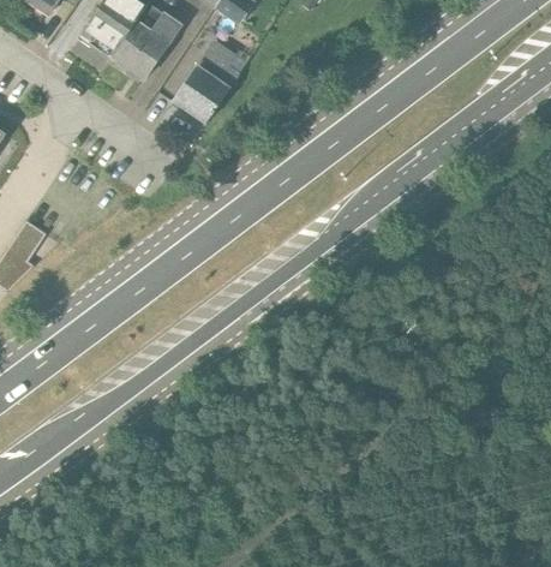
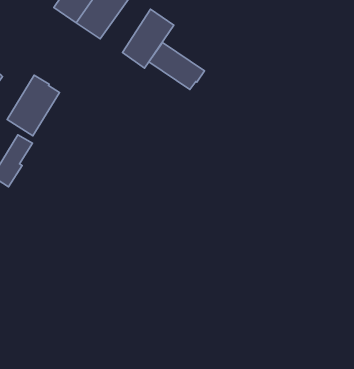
building: none -> [149,42,205,90]
building: none -> [7,75,60,136]

